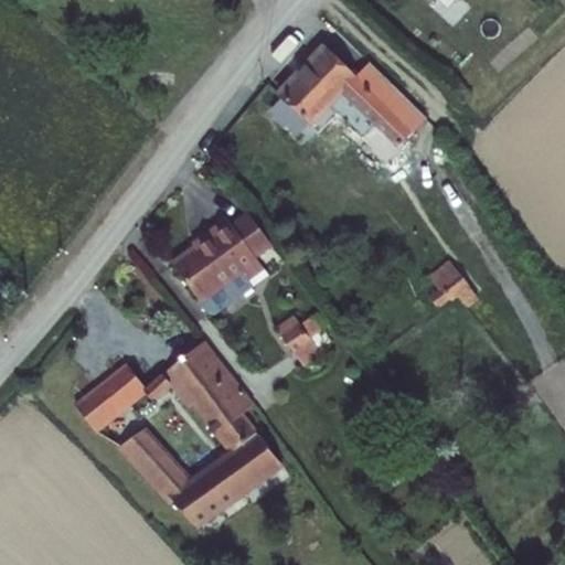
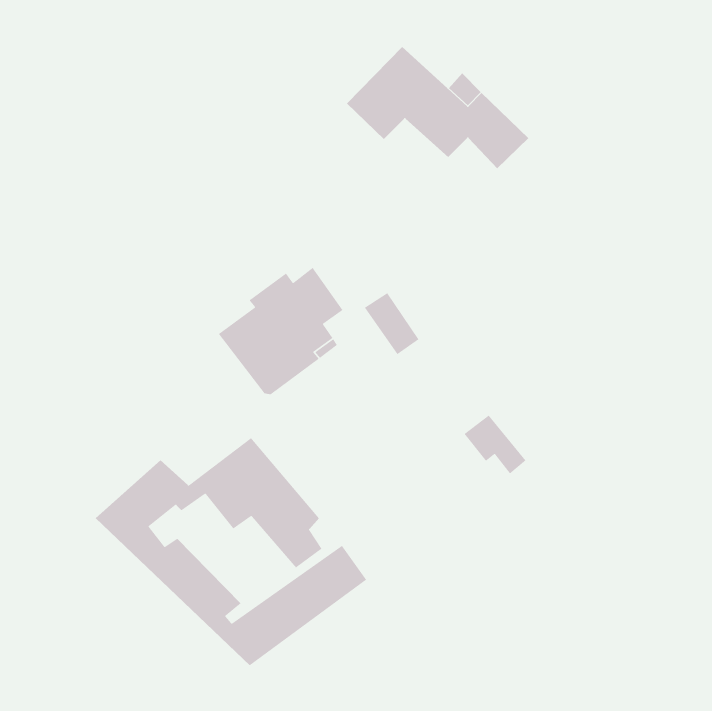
building: [429,257,479,305] -> [464,414,526,474]
building: [276,315,320,364] -> [364,292,420,355]

